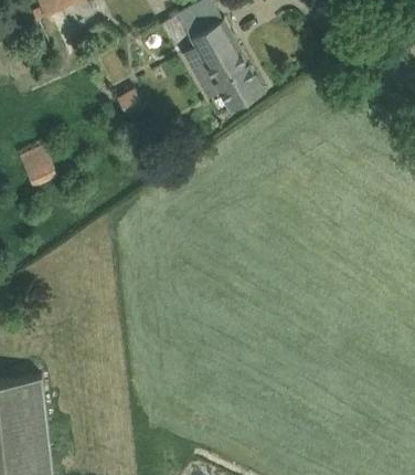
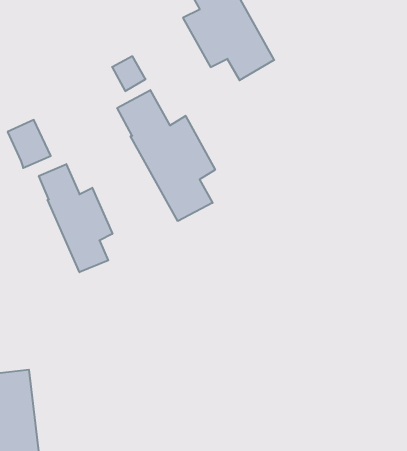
building: none -> [117,90,215,221]
building: none -> [39,164,112,272]

